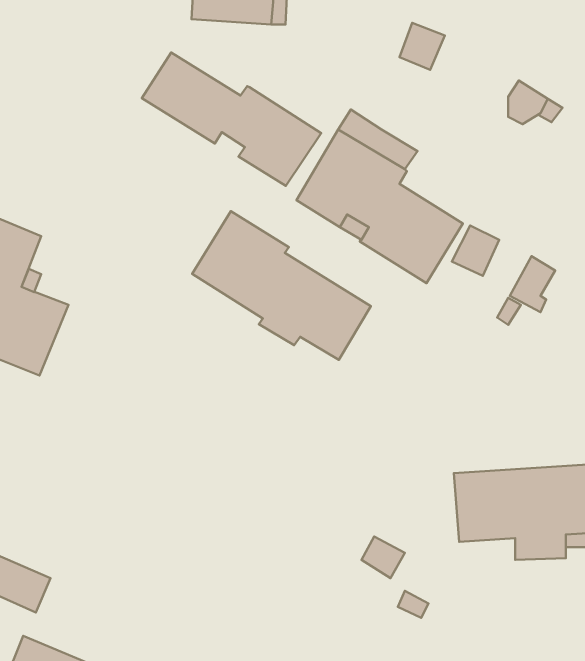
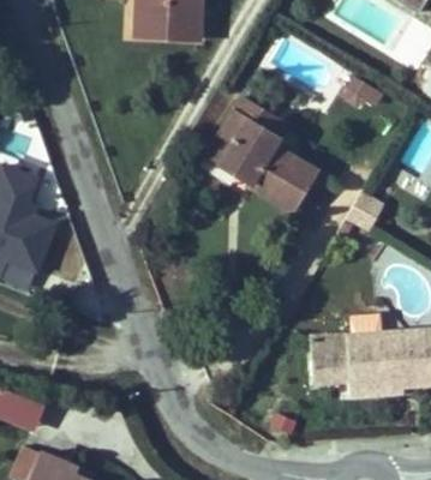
building: [142,52,321,186] -> none
building: [192,211,371,360] -> none

